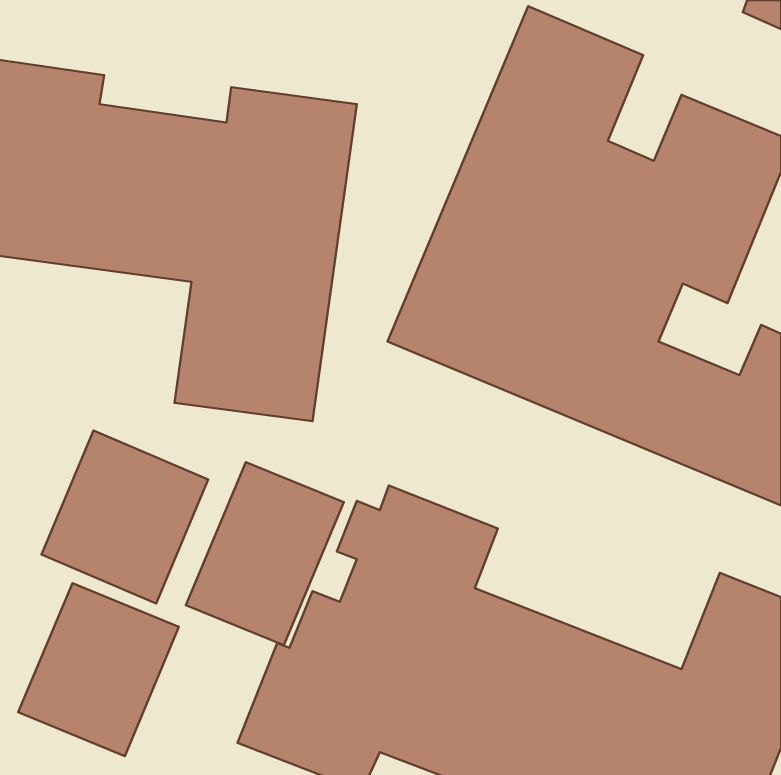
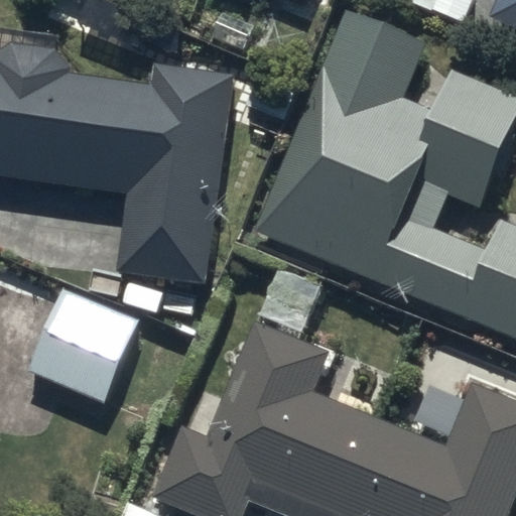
building: [186,462,344,645] -> none
building: [18,583,179,756] -> none

